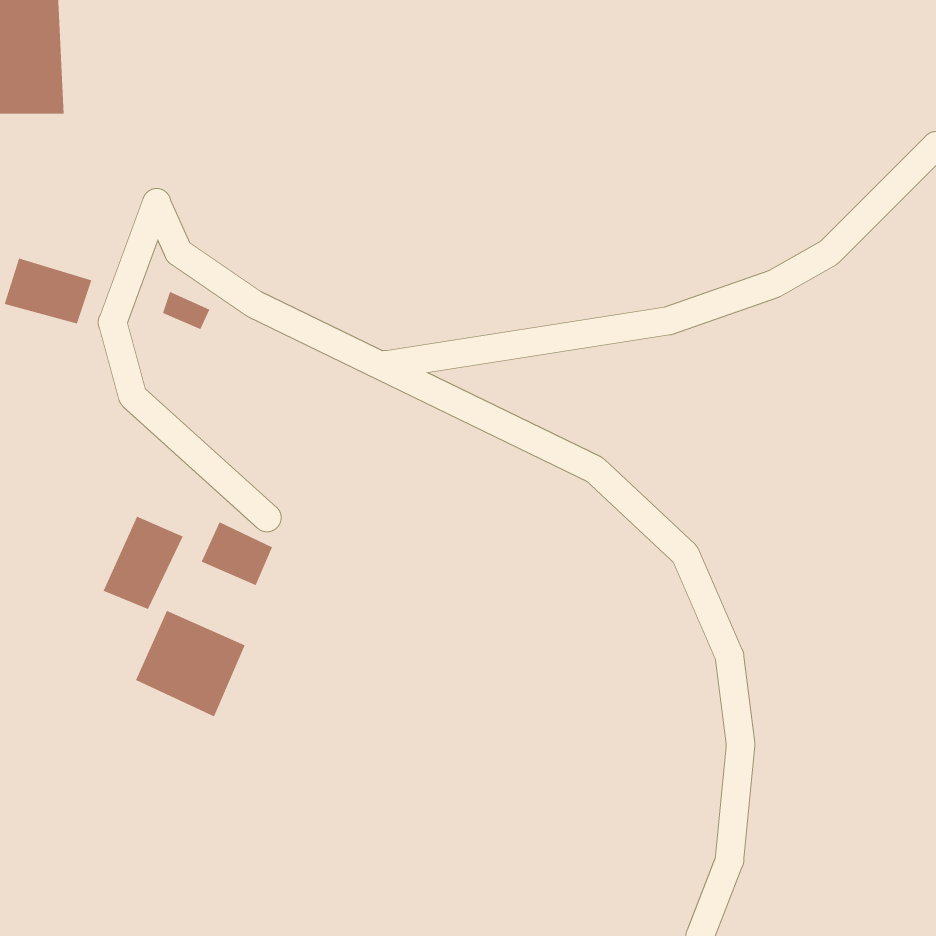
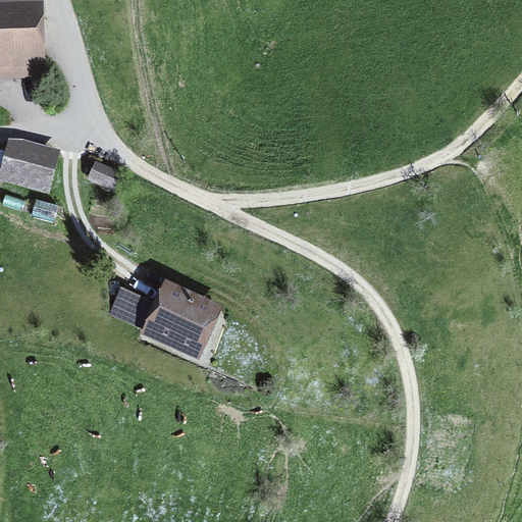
building: [103,516,184,610] -> none
building: [135,610,246,717] -> [149,289,210,348]

